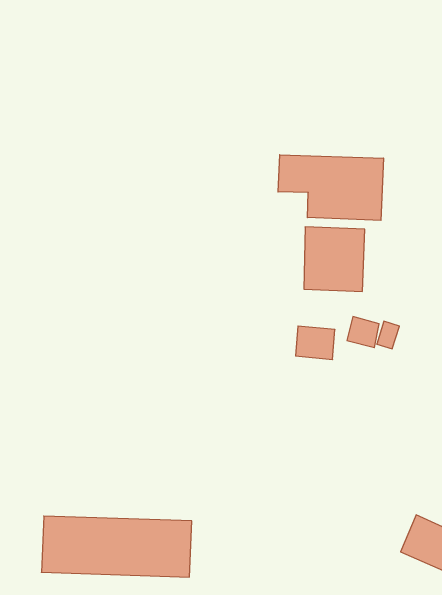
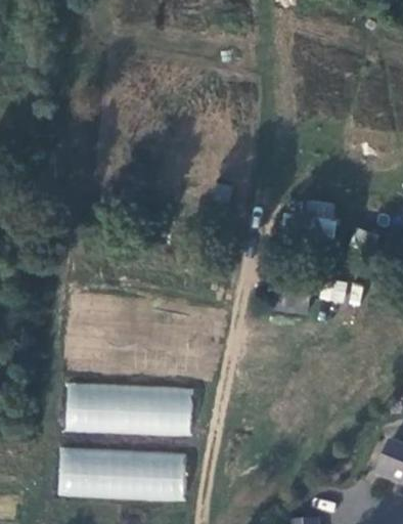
building: [278,155,383,220] -> none
building: none -> [66,383,194,436]

